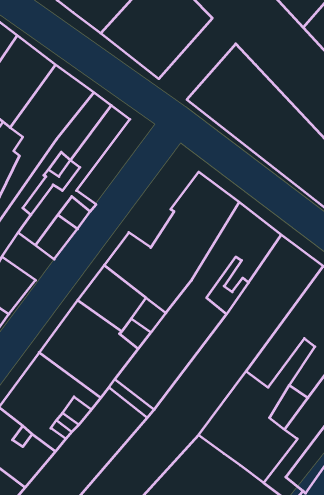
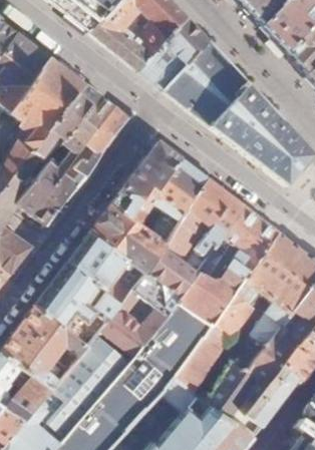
building: none -> [140,19,207,89]
building: none -> [69,106,130,179]
building: none -> [114,141,175,216]
building: none -> [175,323,235,394]
building: none -> [211,363,260,419]

